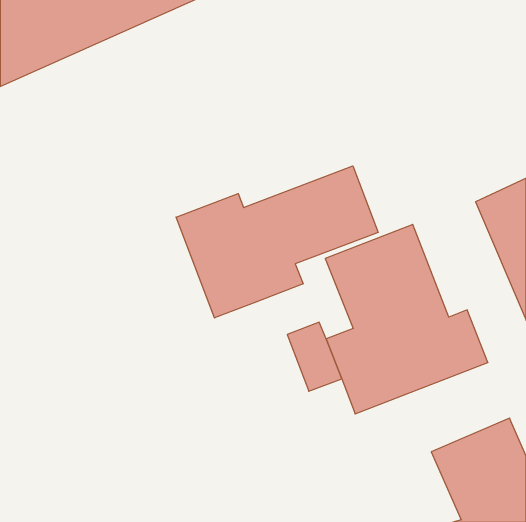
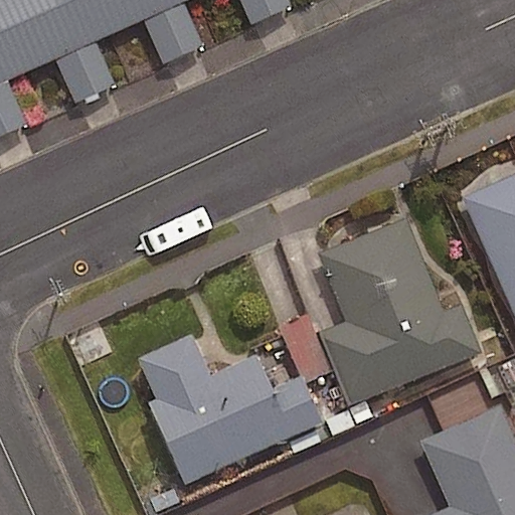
building: [176,166,378,318] -> none
building: none -> [139,337,318,483]

